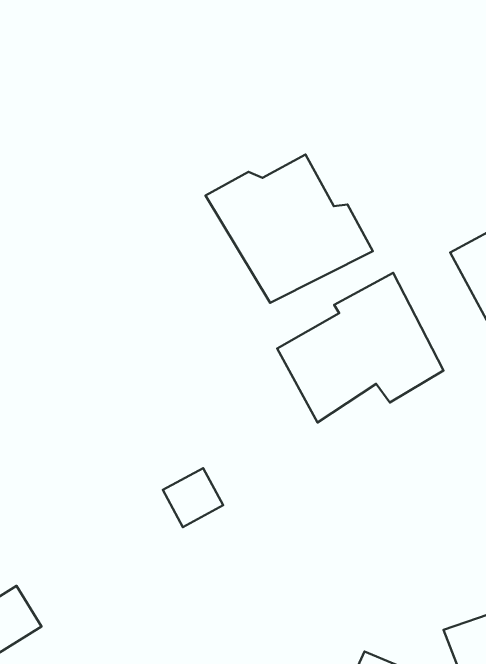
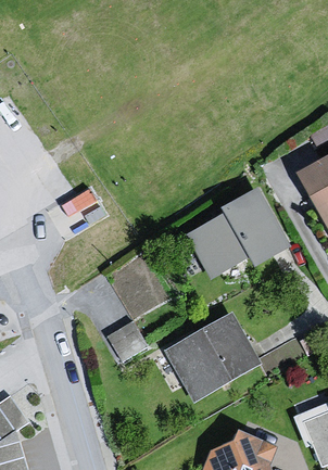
building: [205,155,373,303] -> none
building: none -> [162,316,263,402]

